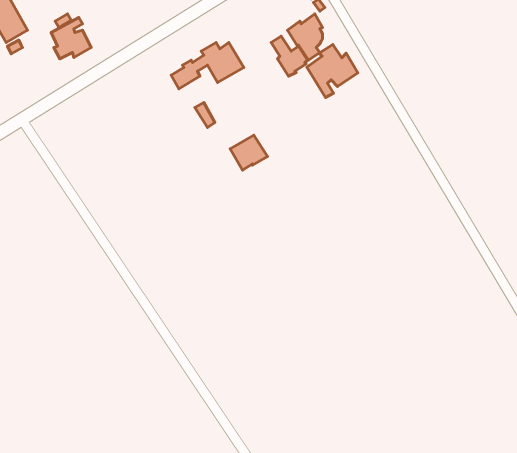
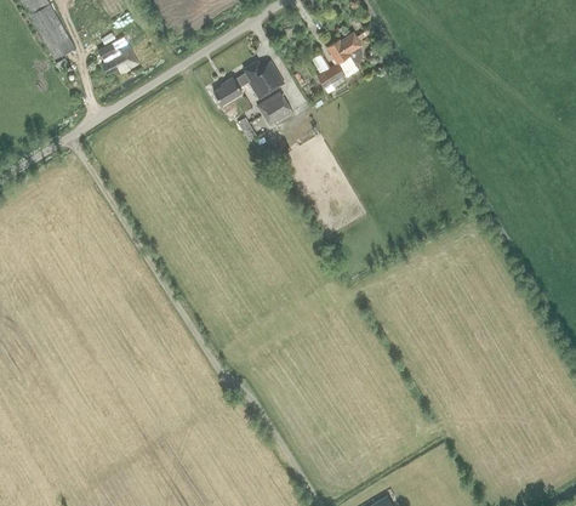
building: [307,45,358,97] -> none
building: [230,135,268,170] -> [257,91,293,125]

